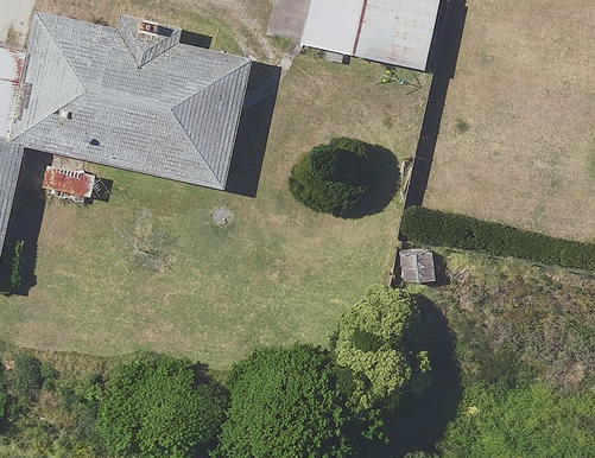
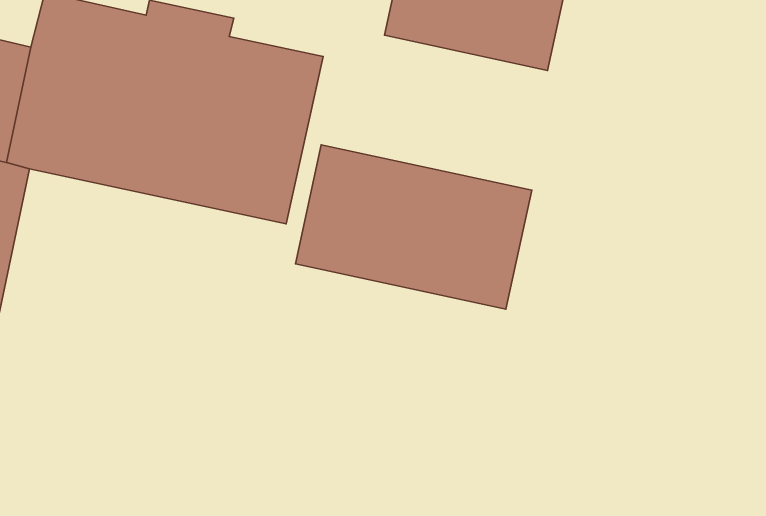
building: none -> [295,145,532,309]

